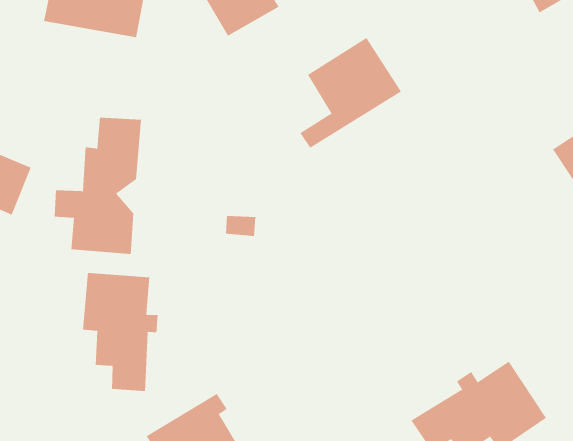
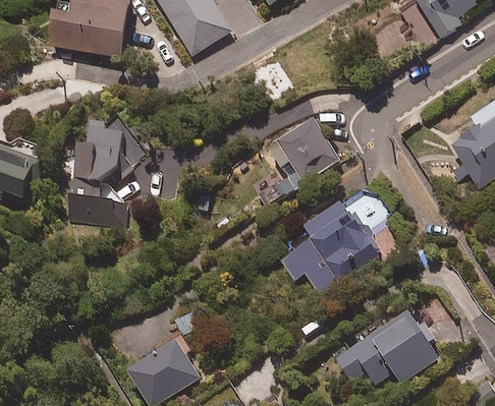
building: [299,37,402,149] -> [260,117,340,205]
building: none -> [274,200,386,298]
building: [83,272,158,392] -> none

